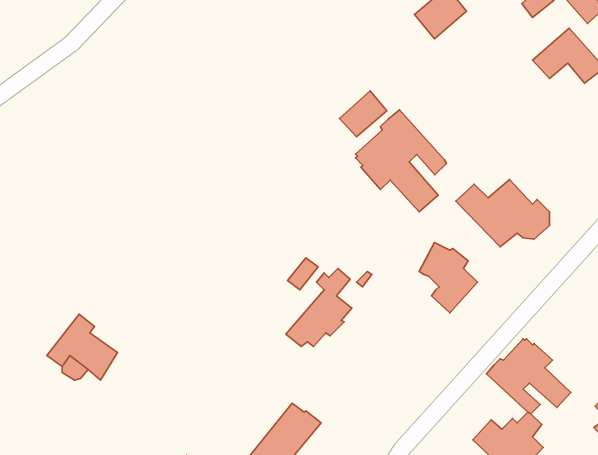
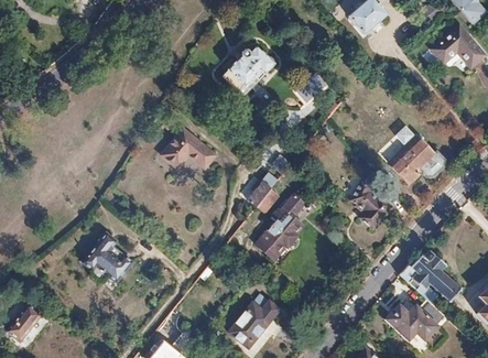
building: none -> [224,45,274,90]
building: [355,110,446,212] -> none
building: none -> [161,127,215,167]
building: none -> [247,172,276,210]

